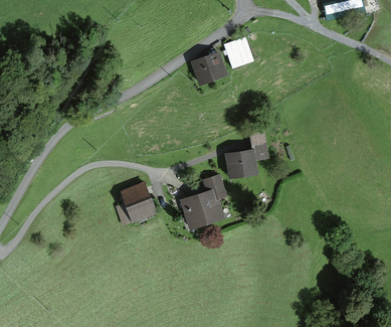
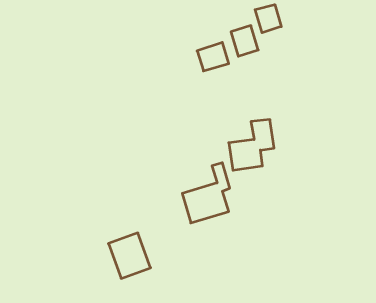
building: none -> [255,5,281,33]
building: [117,179,157,222] -> [108,233,151,278]

